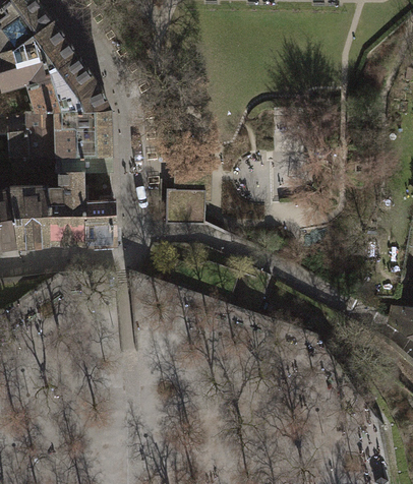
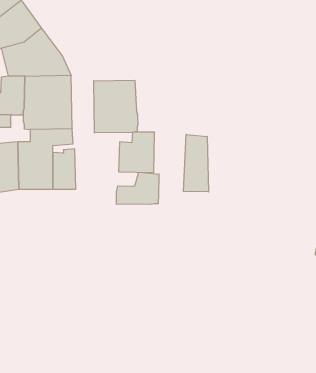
building: none -> [94,80,138,133]
building: none -> [183,134,209,192]
building: none -> [116,172,159,204]

